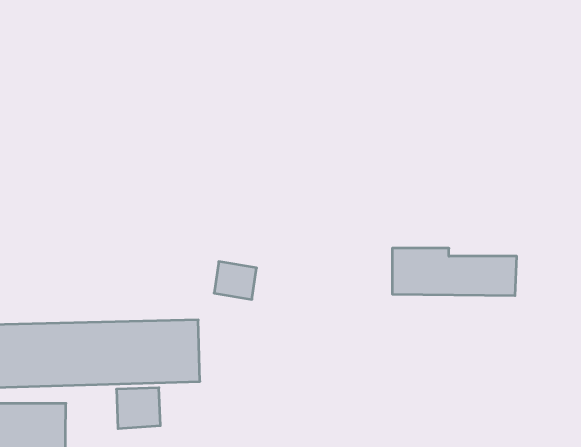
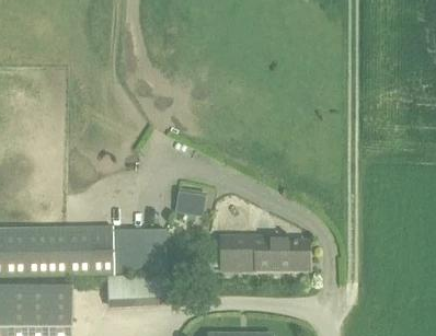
building: [392,248,517,296] -> [221,235,308,268]

